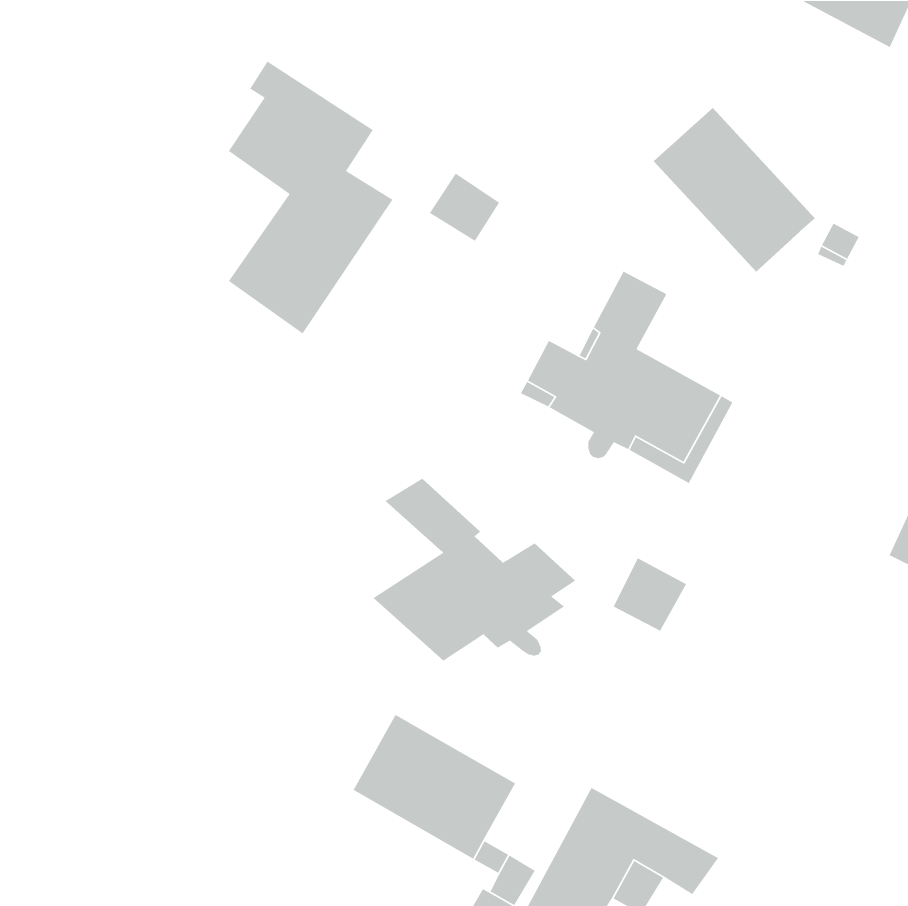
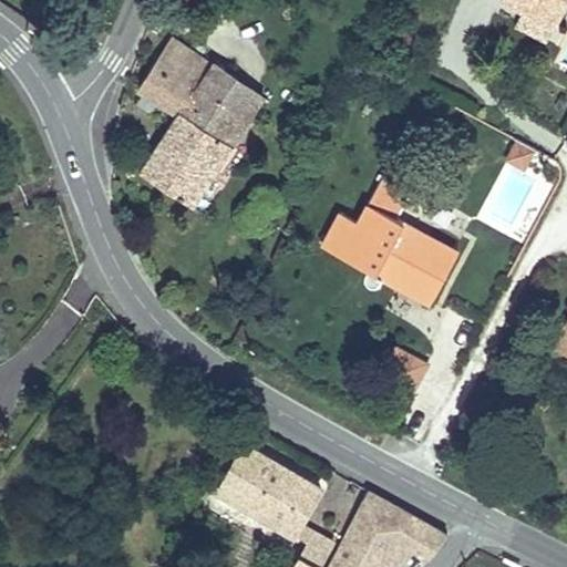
building: [653,107,816,272] -> none
building: [429,172,500,242] -> [217,83,261,126]
building: [372,478,576,661] -> none

